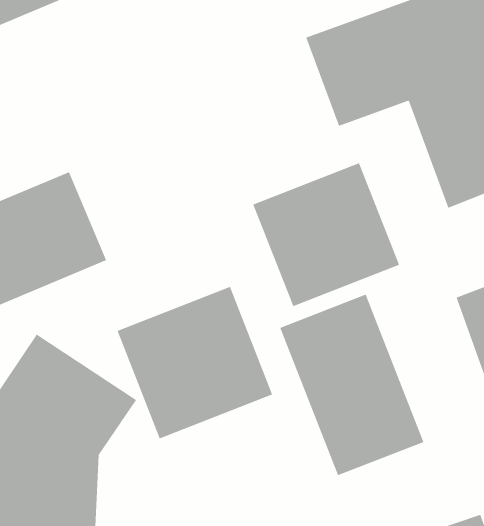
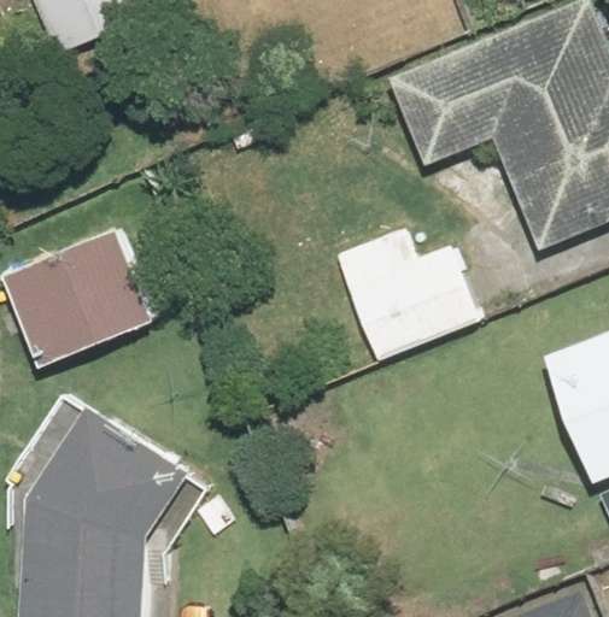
building: [116,286,273,440] -> none
building: [279,293,425,476] -> none

